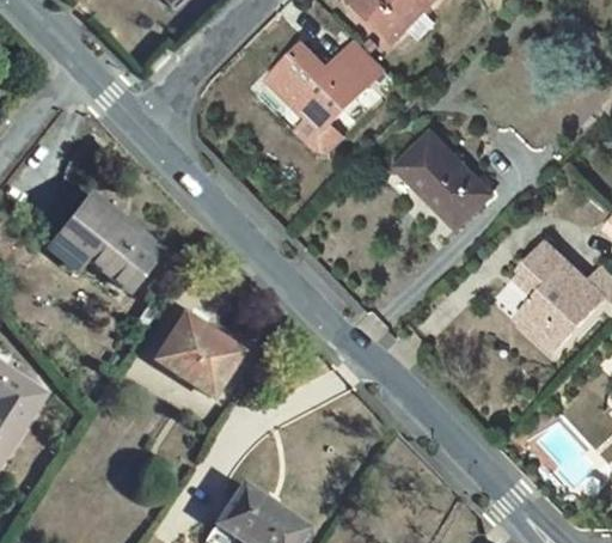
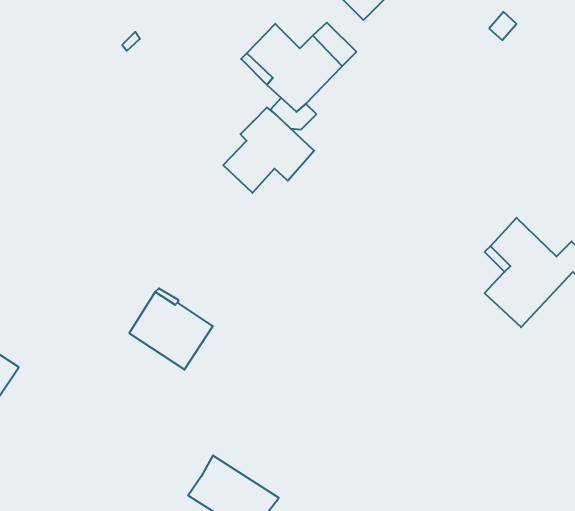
building: none -> [223,107,314,193]
building: [396,130,491,226] -> none
building: [48,194,158,289] -> none

